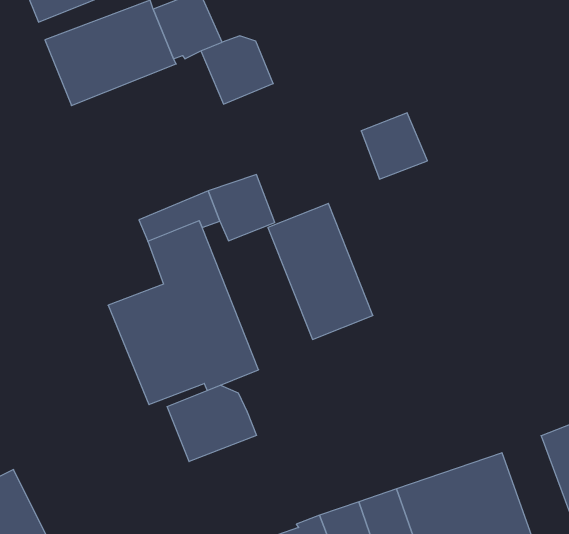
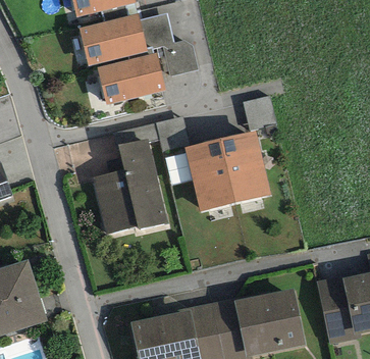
building: none -> [97,52,165,104]
building: none -> [219,131,271,203]
building: [167,385,257,462] -> none

